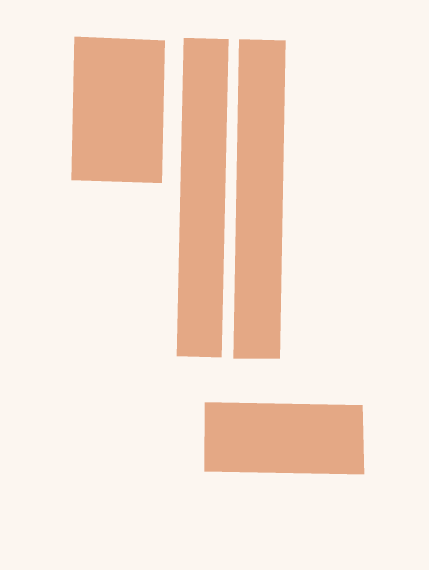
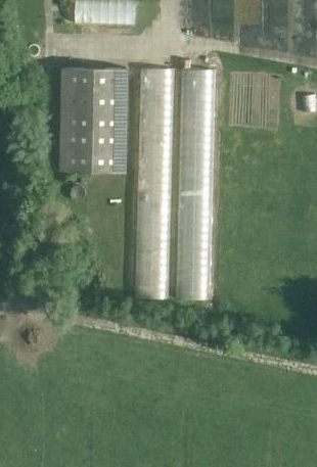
building: [204,402,365,475] -> none

